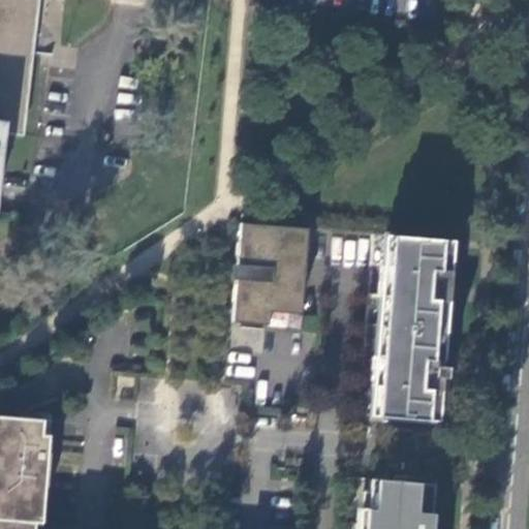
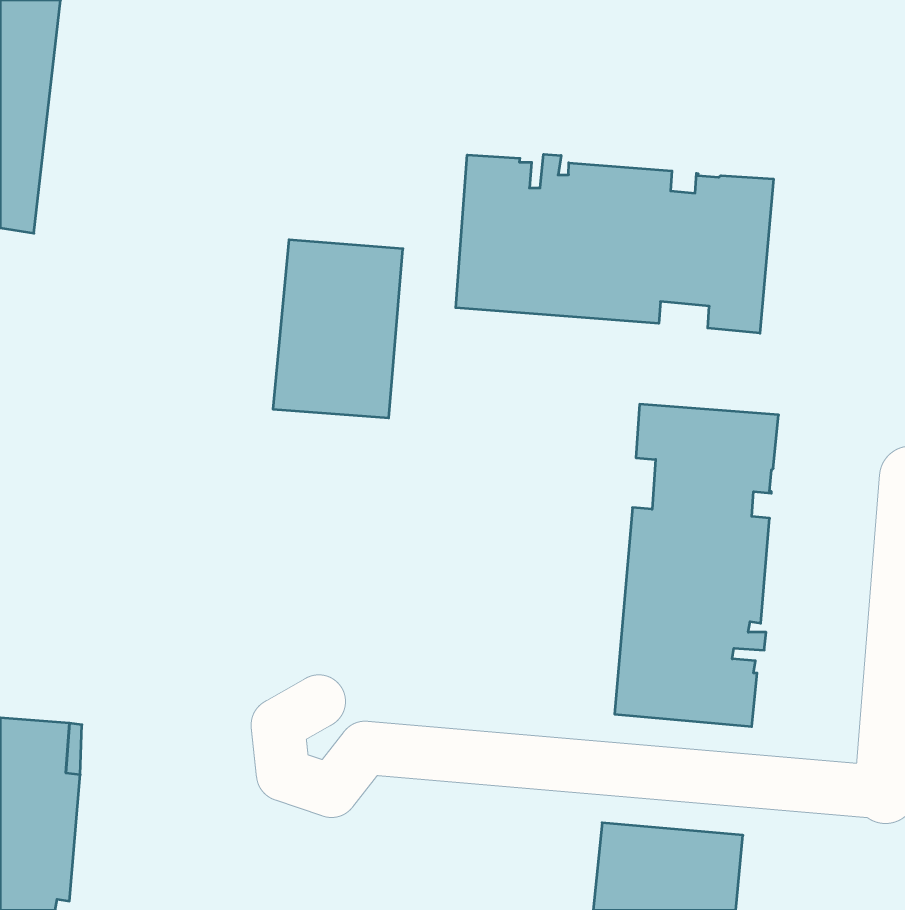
building: none -> [456,154,773,333]
building: [234,224,309,328] -> [273,240,403,418]

